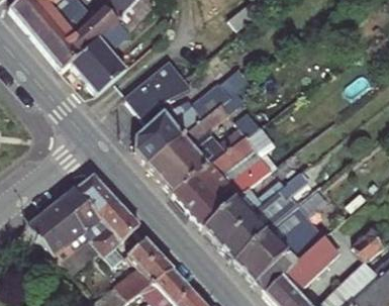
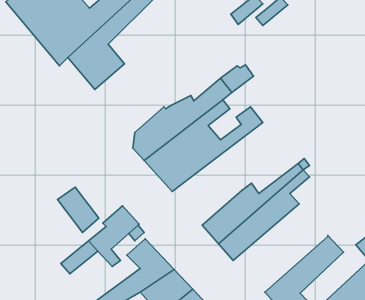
building: [124,59,193,115] -> none
building: [172,122,274,225] -> none
building: [77,175,123,223] -> none
building: [27,200,84,258] -> none
building: [231,204,324,291] -> none

